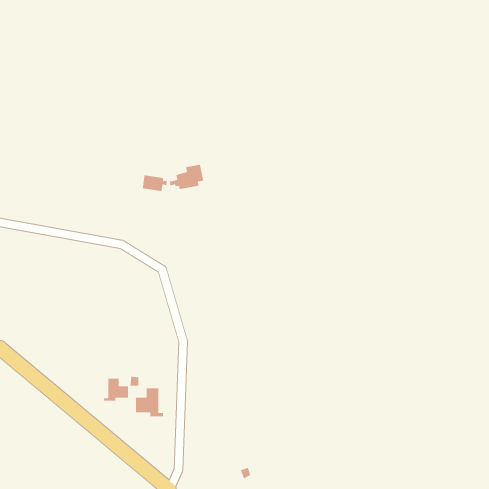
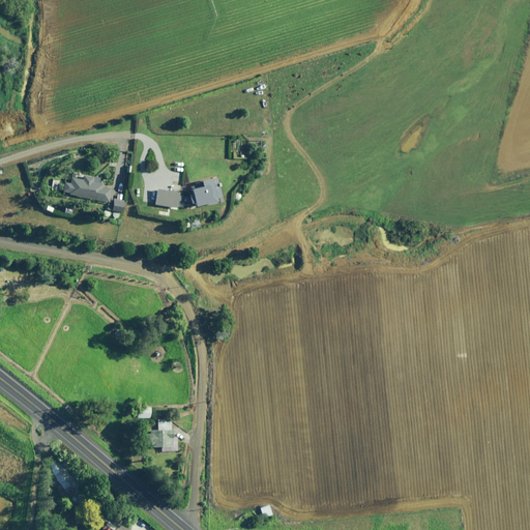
building: none -> [62,175,124,216]
building: [103,378,129,401] -> none

